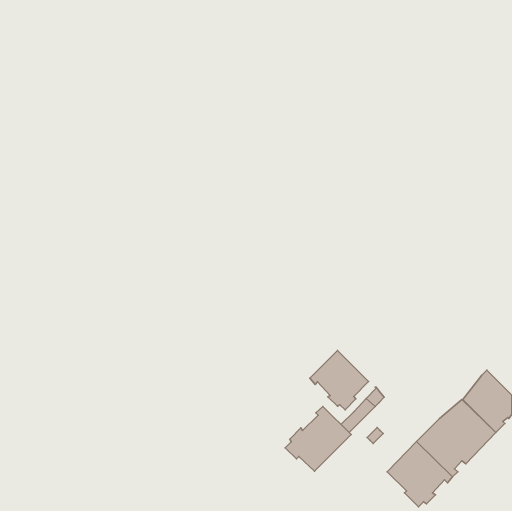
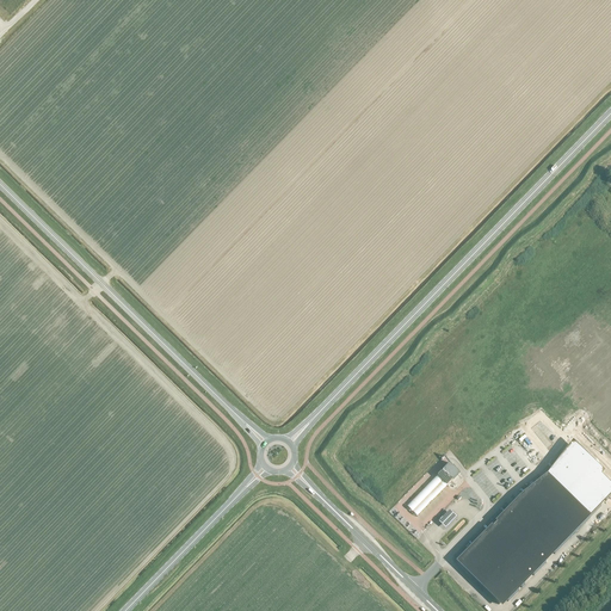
building: [310,350,368,410] -> none
building: [285,406,351,471] -> none

